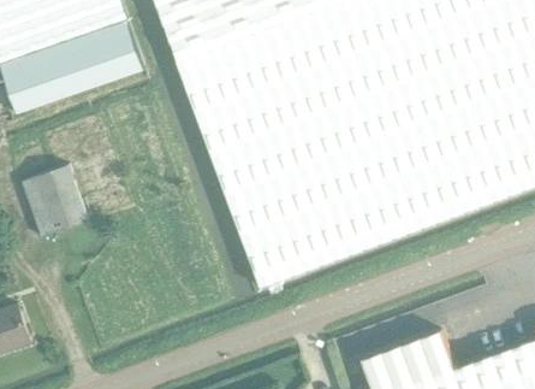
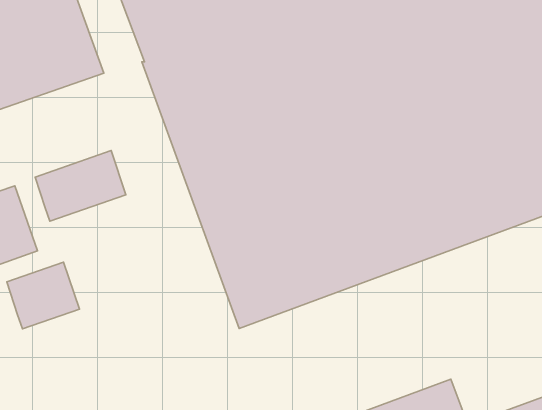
building: none -> [35,151,126,221]
building: none -> [7,262,79,329]

